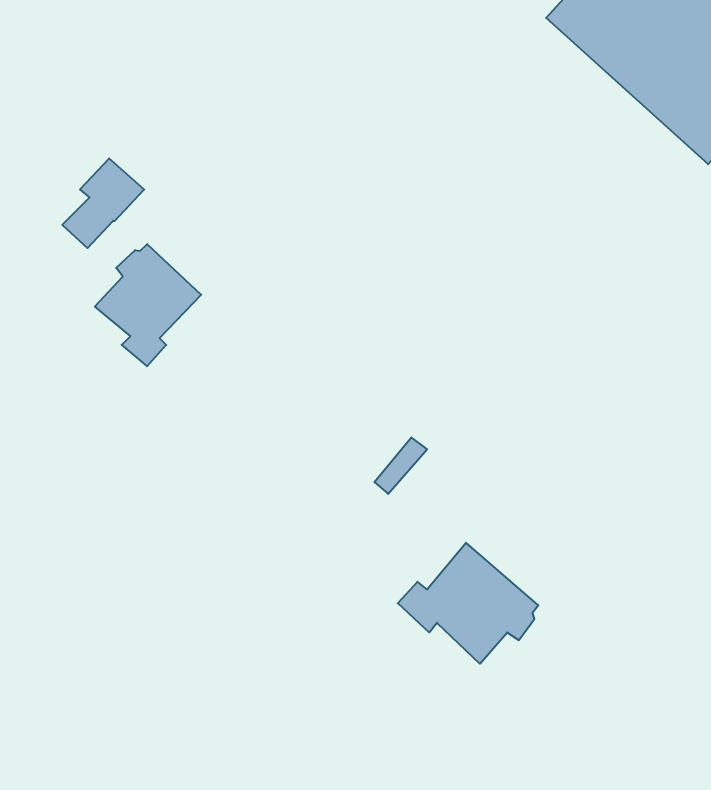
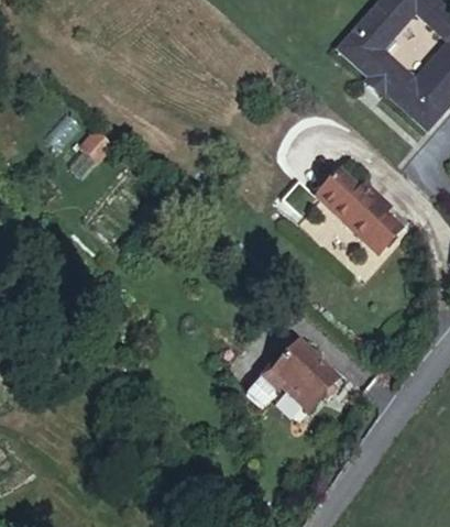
building: none -> [311,167,400,252]
building: [95,244,201,366] -> none

